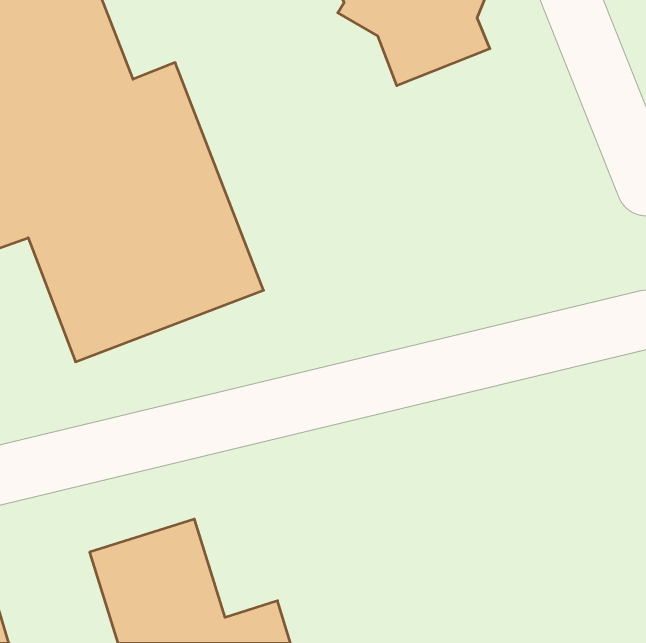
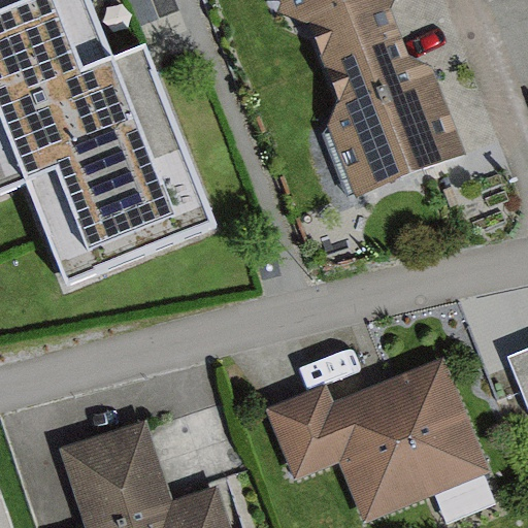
building: none -> [320,39,461,199]
building: none -> [280,351,504,513]

